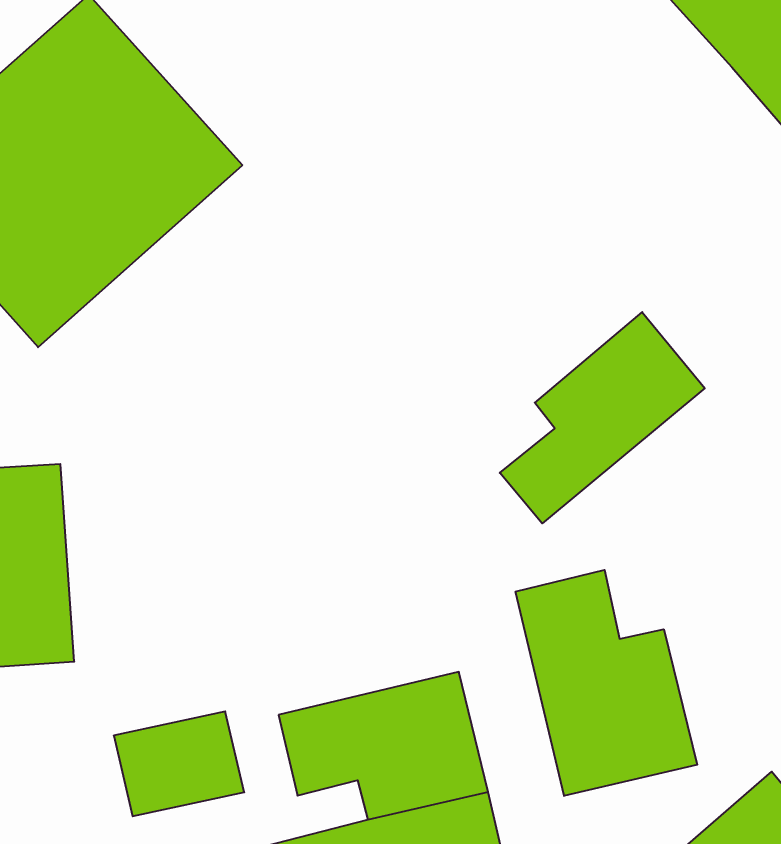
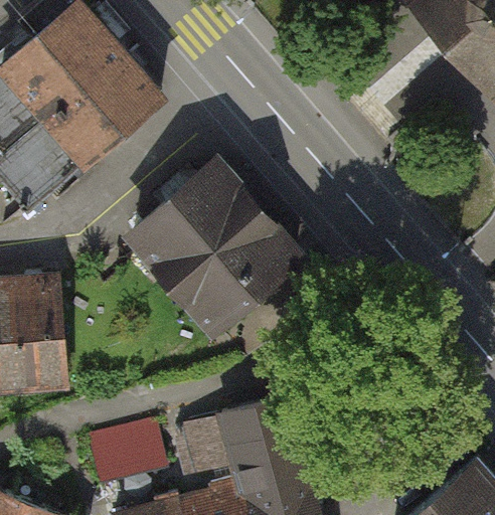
building: none -> [127,154,294,322]
building: [500,312,705,523] -> none
building: [516,570,697,796] -> none

